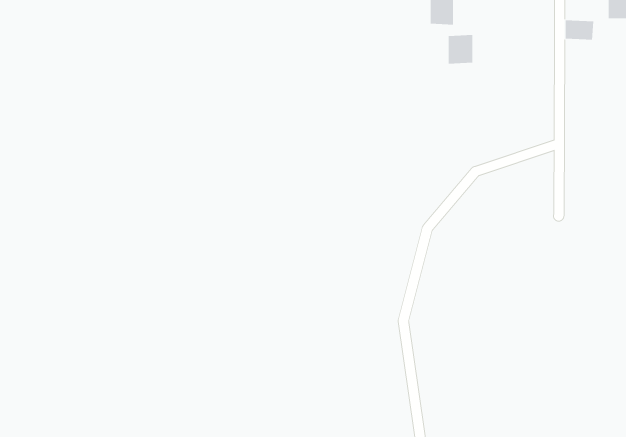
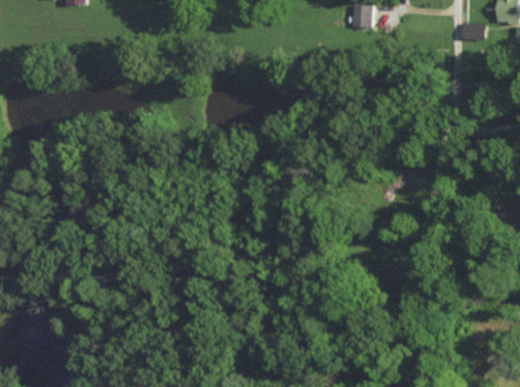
building: [448,34,473,65] -> none

